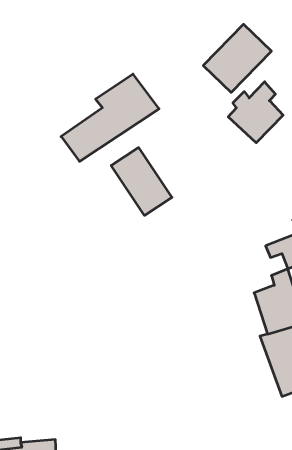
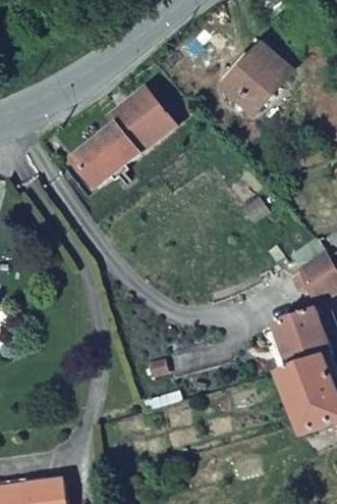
building: [228,82,283,143] -> none
building: [111,148,172,215] -> none

